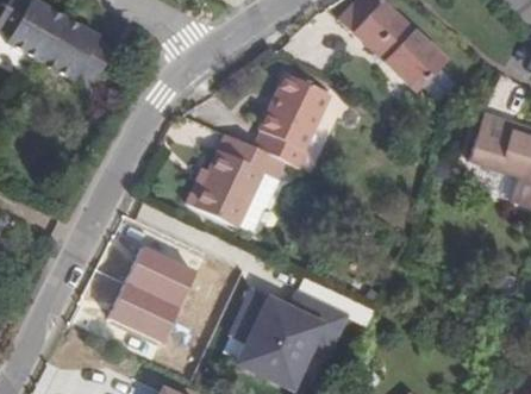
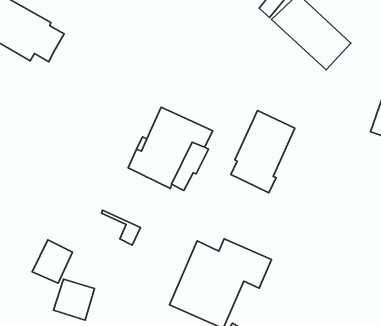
building: [256,73,330,168] -> [231,111,295,193]
building: [124,277,171,325] -> [53,279,95,320]

